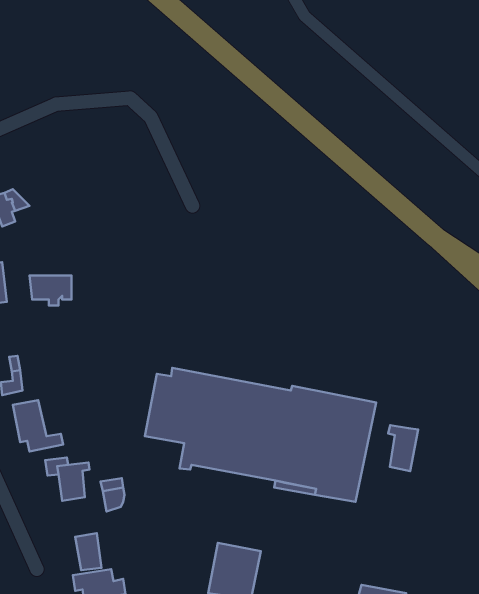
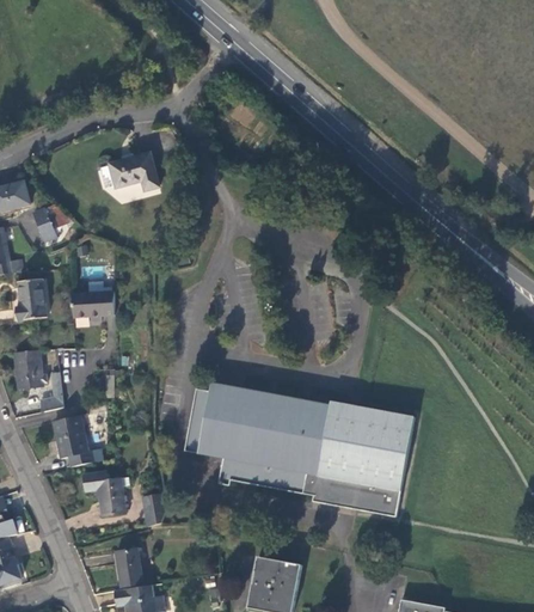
building: none -> [99,153,155,189]
building: [388,425,418,471] -> none

